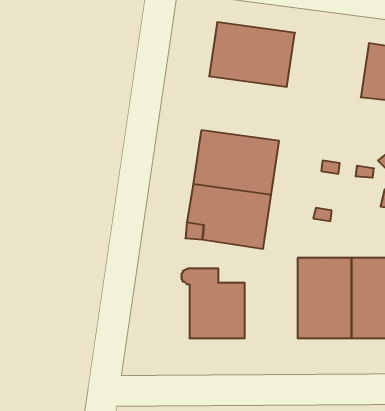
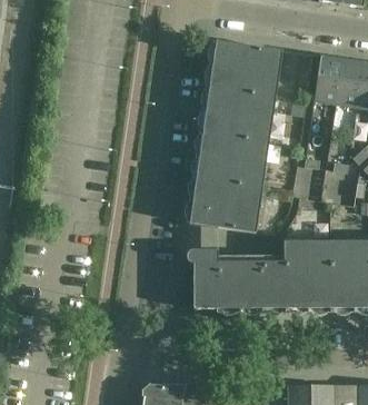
building: none -> [314,55,344,103]
building: none -> [202,86,275,140]
building: none -> [239,259,284,307]

